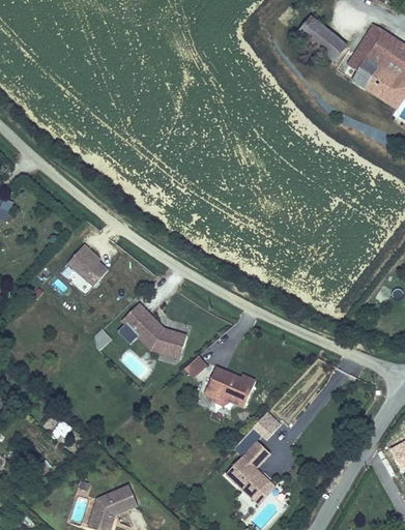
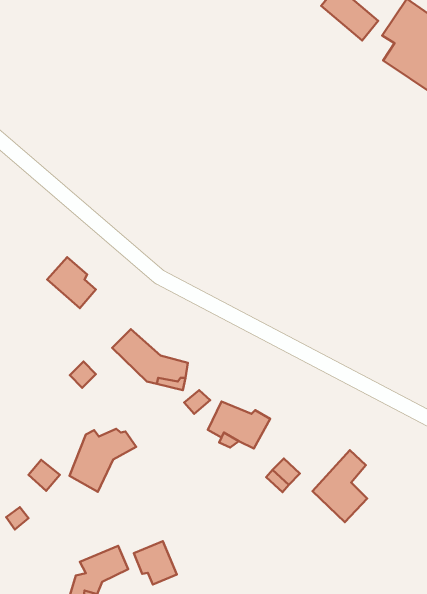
building: none -> [69,429,136,492]
building: [225,440,270,500] -> [312,450,367,522]
building: none -> [134,541,177,585]

